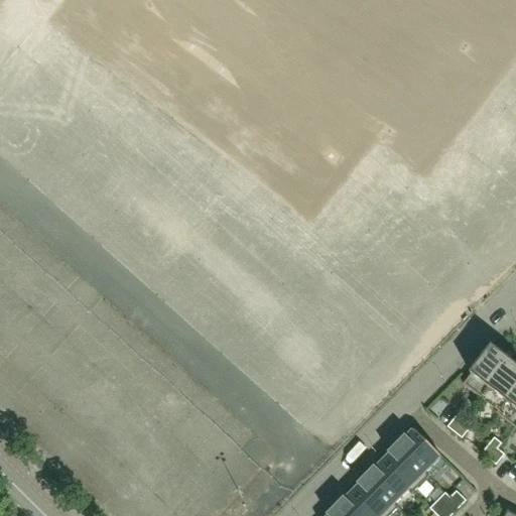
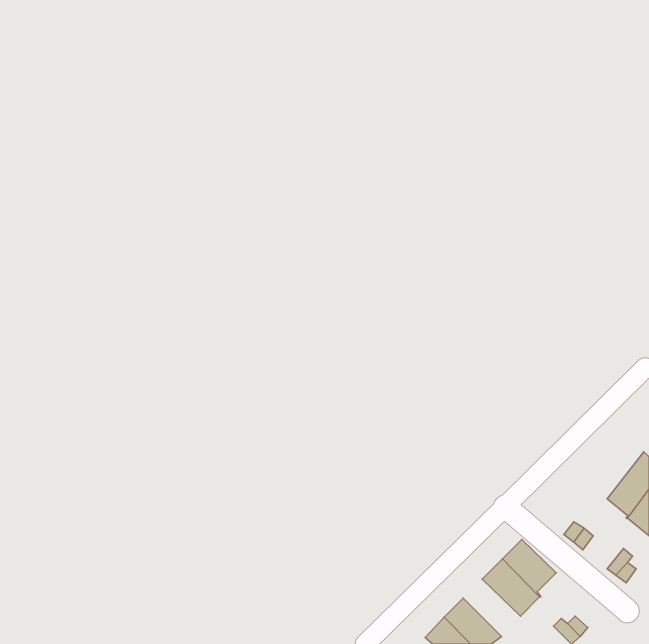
building: [463,344,510,395] -> none
building: [367,459,412,504] -> none

